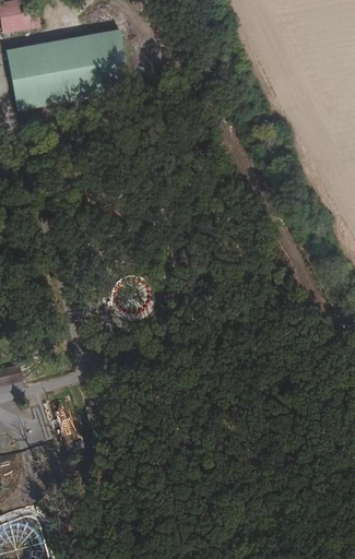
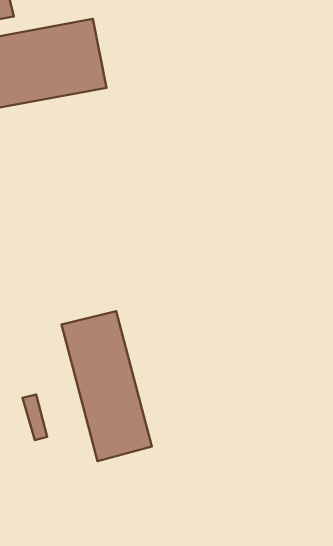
building: none -> [61,311,152,461]

